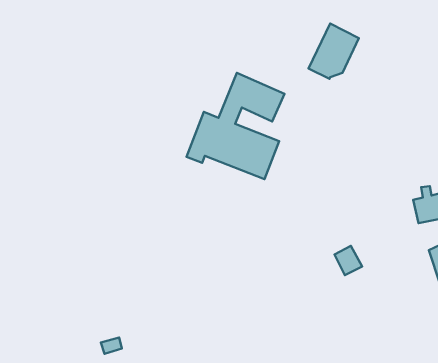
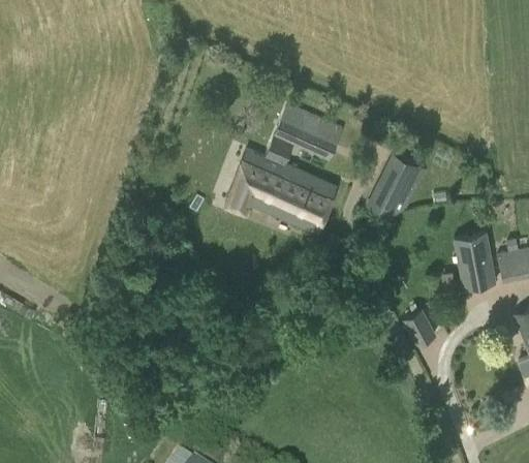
building: [309,24,359,79] -> [366,154,426,220]
building: none -> [454,234,496,290]

